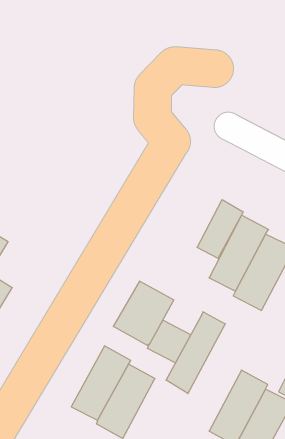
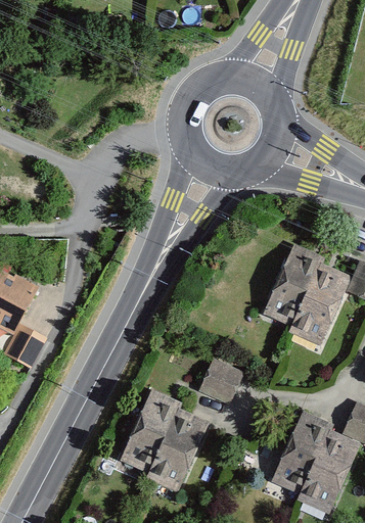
building: [197,200,243,259] -> none
building: [113,281,174,345] -> none
building: [166,312,225,394] -> none

